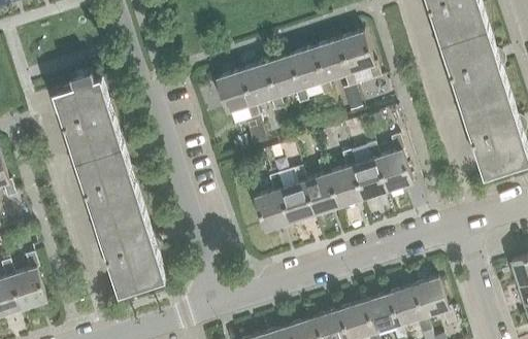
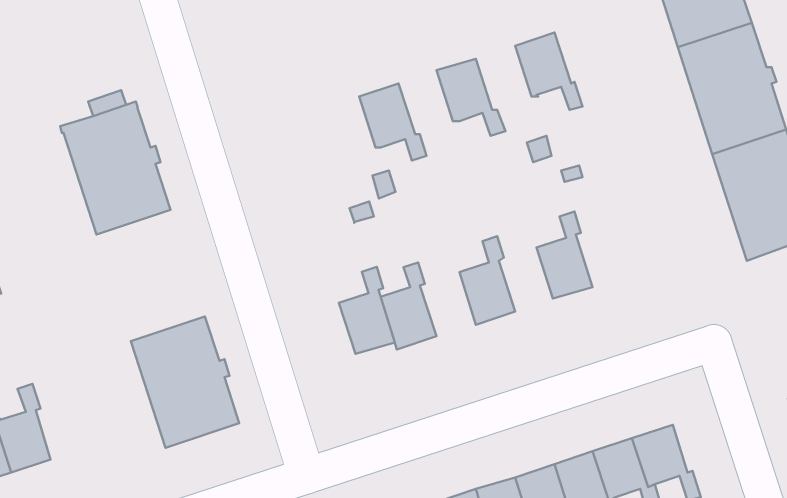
building: [311,41,355,90] -> none
building: [263,57,305,106] -> none
building: [213,73,256,121] -> none
building: [374,137,409,193] -> none
building: [73,144,141,227] -> none
building: [326,154,360,208] -> none
building: [276,169,311,224] -> [339,267,395,354]

